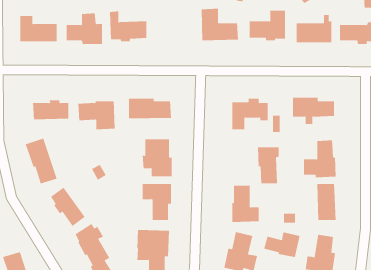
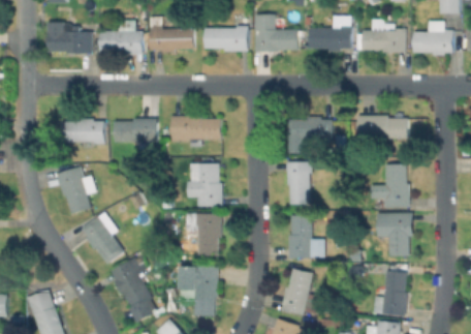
building: none -> [205,25,248,51]
building: [257,147,280,184] -> [286,161,312,204]
building: [264,231,300,258] -> none

